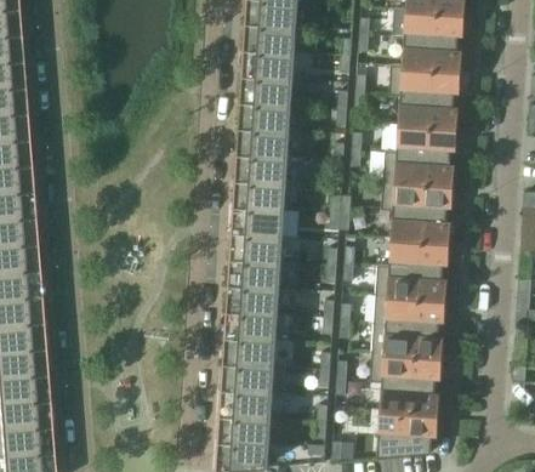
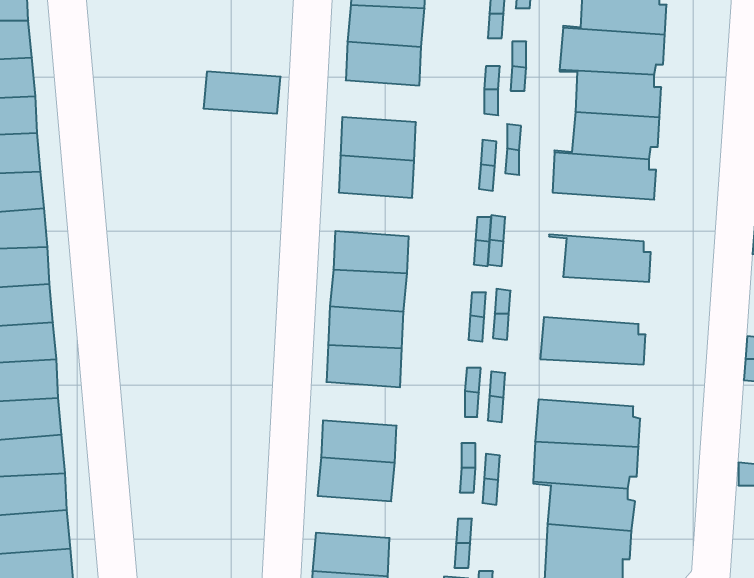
building: [239,102,292,131] -> [203,72,281,114]
building: [234,180,288,210] -> none
building: [382,180,455,214] -> none
building: [379,238,451,271] -> none
building: [375,295,448,328] -> none
building: [226,311,279,341] -> none
building: [221,389,273,419] -> none

